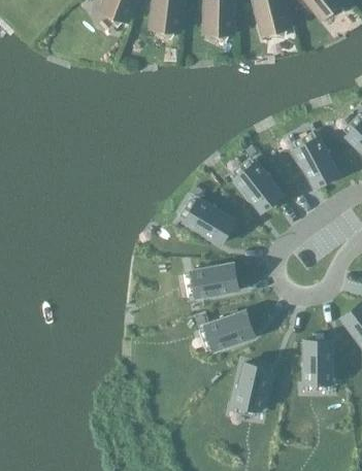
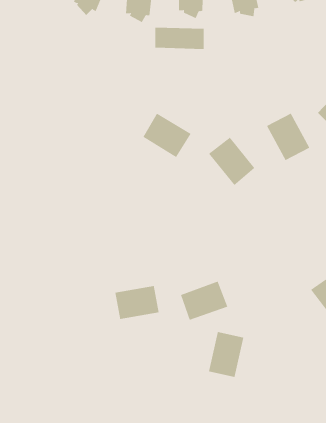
building: none -> [155,27,204,50]
building: [185,198,235,244] -> [142,113,191,158]
building: [192,263,238,298] -> [114,285,159,319]
building: [303,341,332,382] -> none

